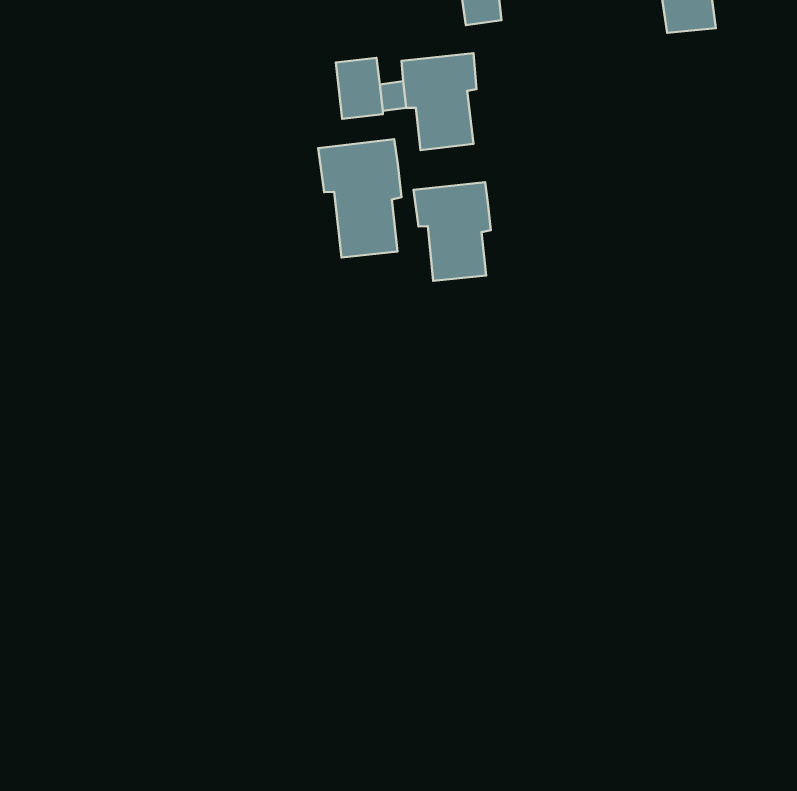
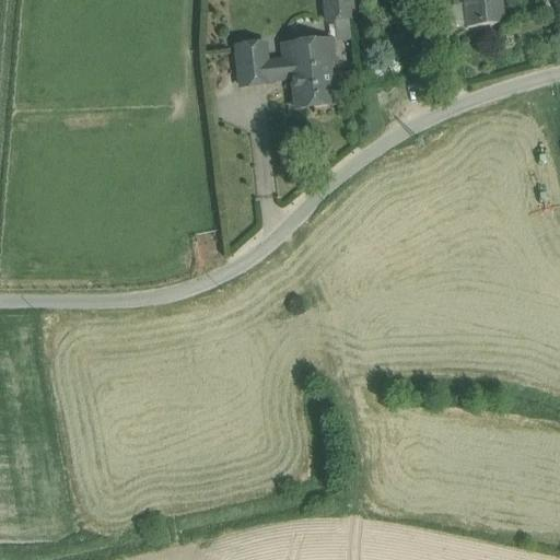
building: [318,139,401,258] -> none
building: [414,182,491,281] -> none

